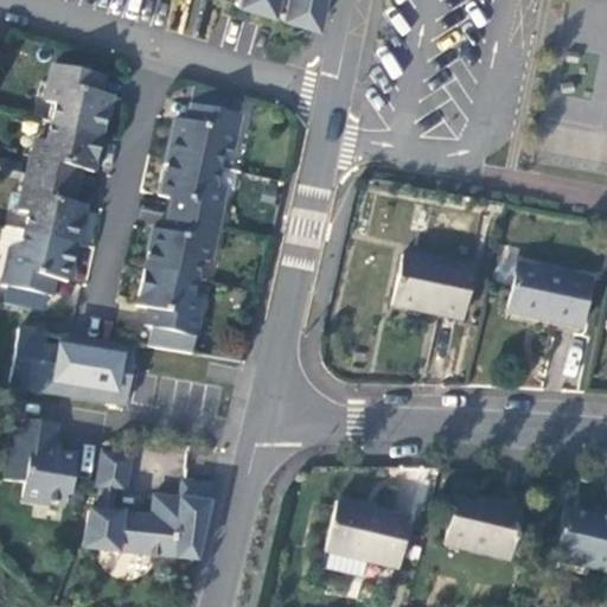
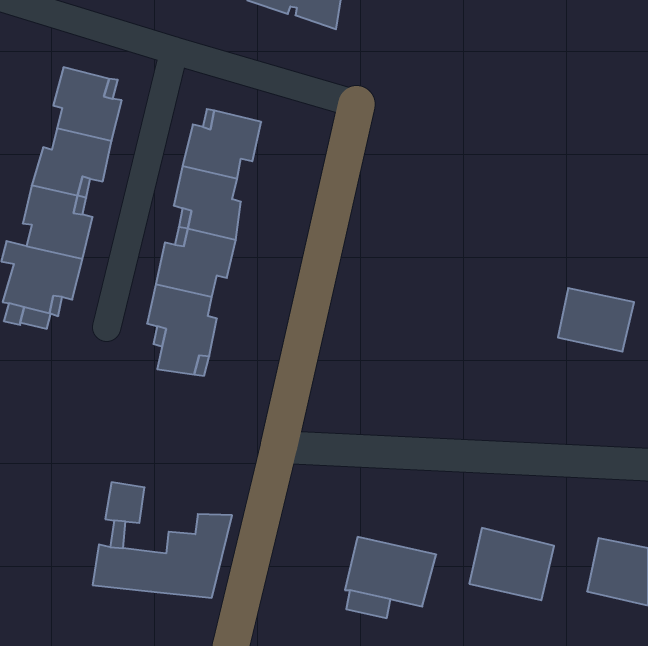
building: [391,254,469,319] -> none
building: [12,328,136,402] -> none
building: [11,418,79,504] -> none

